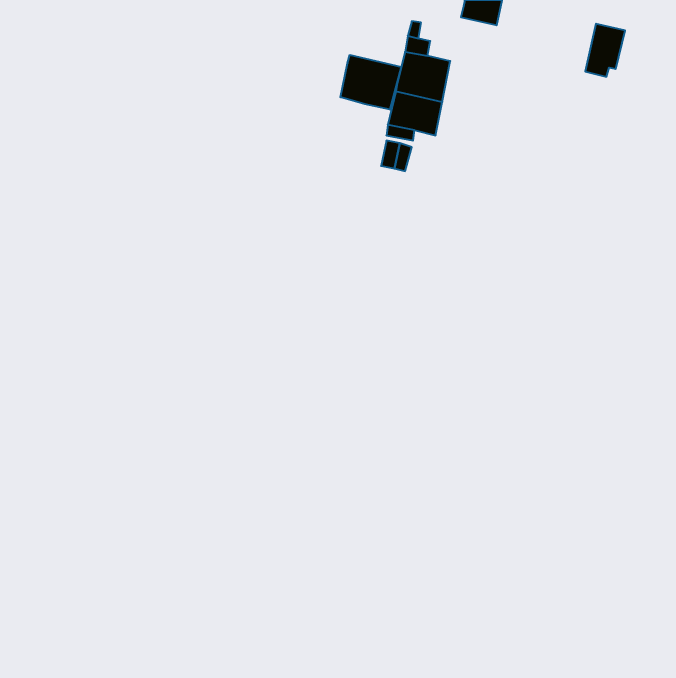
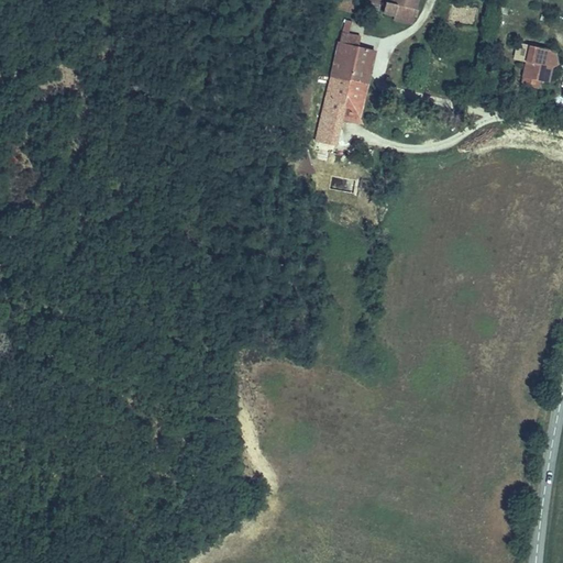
building: [585,24,625,77] -> [522,47,555,91]
building: [340,55,401,110] -> none

